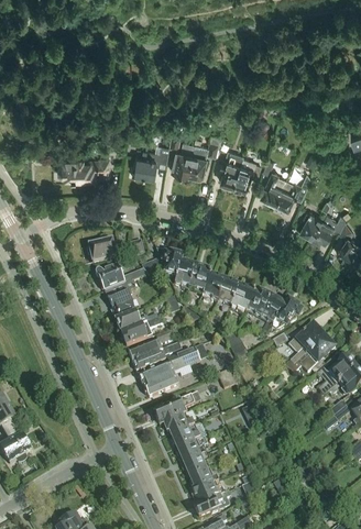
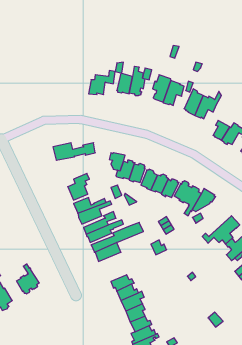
building: [59,158,109,180] -> none
building: [97,266,147,291] -> none
building: [291,324,325,364] -> none
building: [156,393,203,426] -> none
building: none -> [17,264,39,294]

